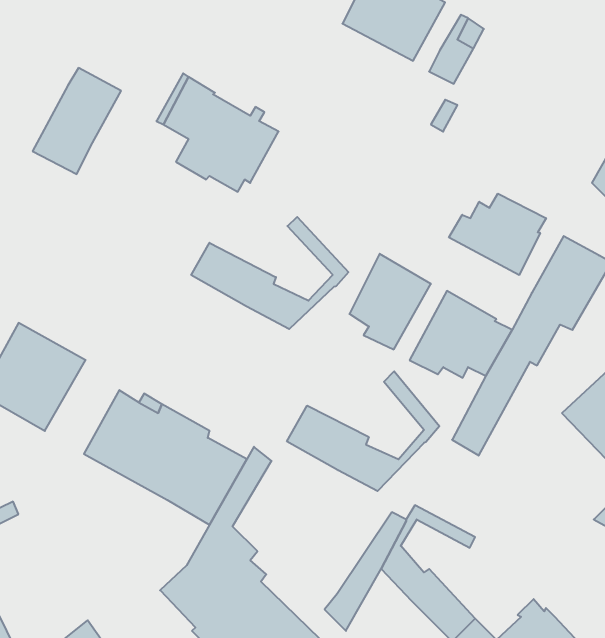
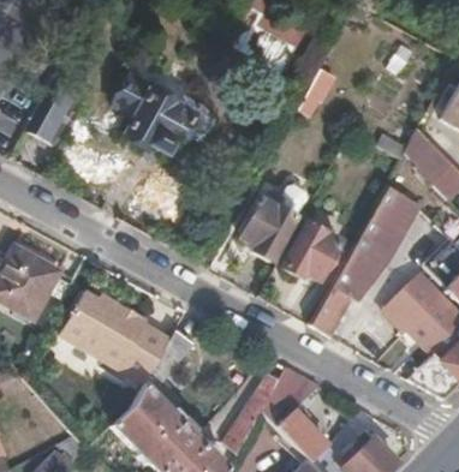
building: [449,194,546,275] -> none
building: [191,217,348,329] -> none
building: [287,371,439,491] -> none

